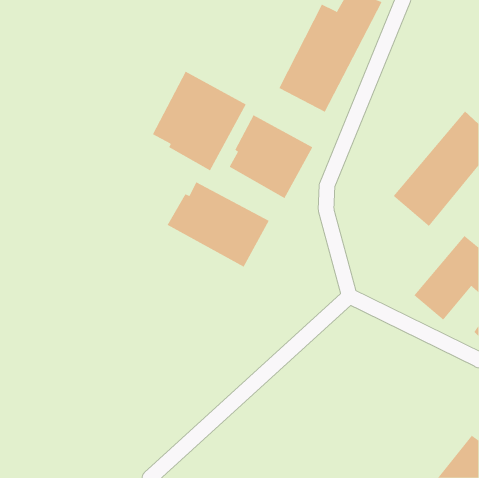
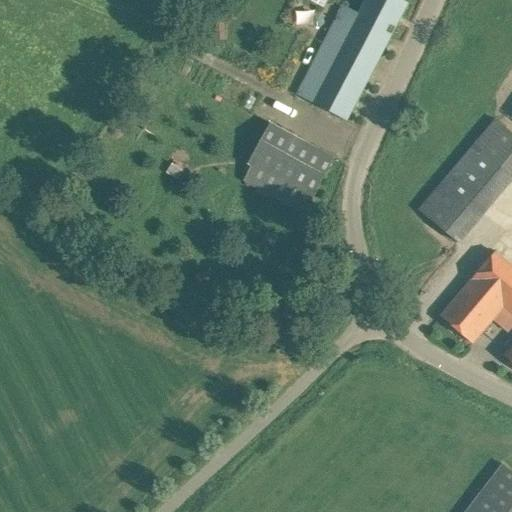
building: [152,71,247,171] -> none
building: [167,181,270,267] -> none

